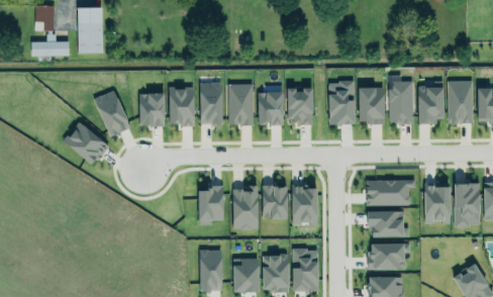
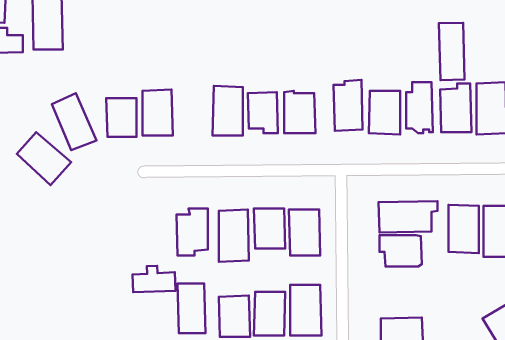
building: none -> [439,23,465,80]
building: [200,83,223,125] -> none
building: none -> [132,266,176,292]
building: [369,243,410,271] -> none

